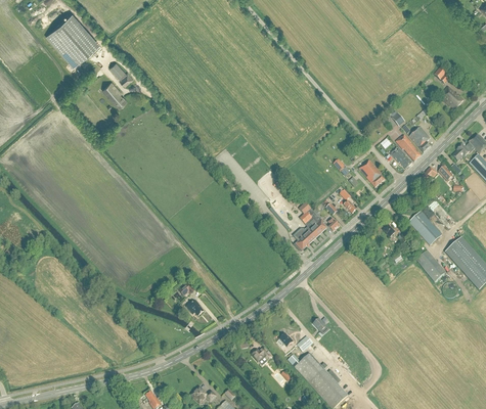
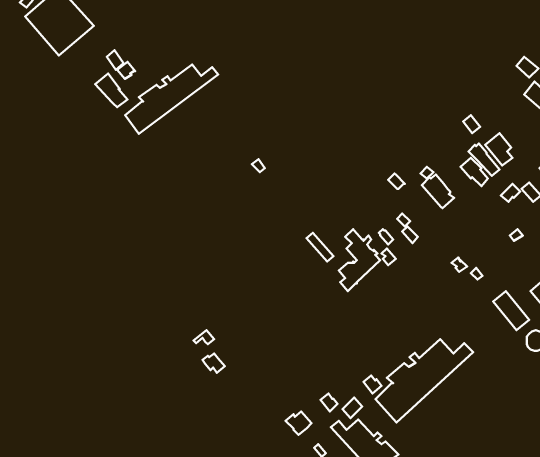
building: none -> [125,64,218,134]
building: [408,211,441,245] -> none
building: none -> [376,339,473,422]

